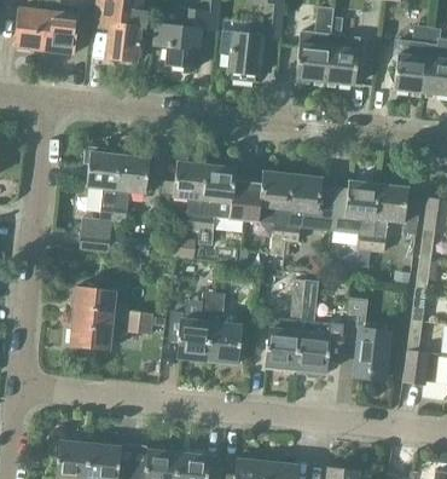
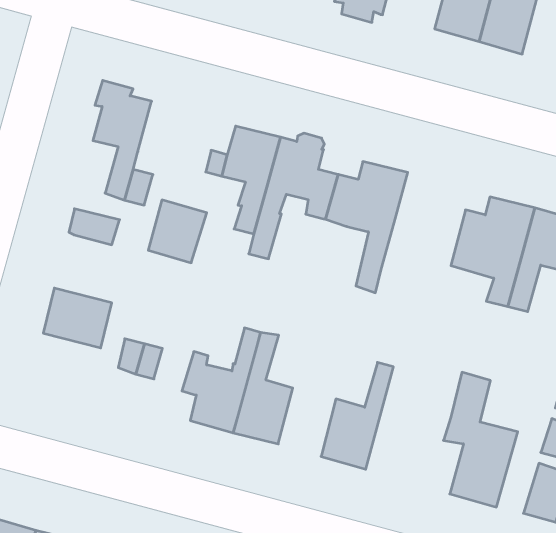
building: [116,155,150,192] -> [148,200,207,263]
building: [285,174,333,242] -> none
building: [296,290,346,379] -> none
building: [70,316,112,350] -> none

